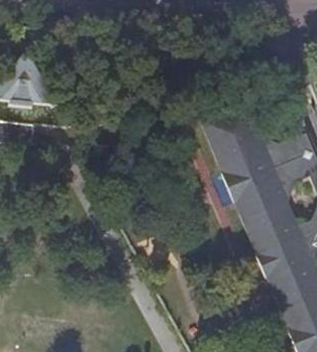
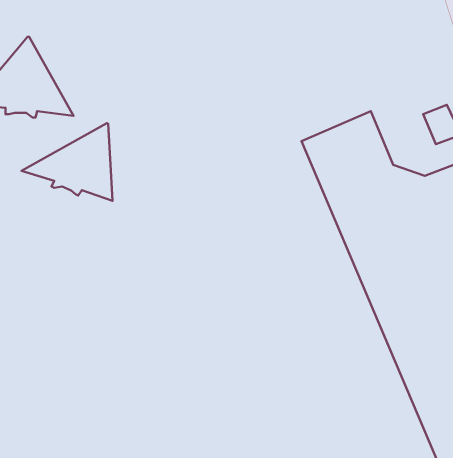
building: none -> [22,123,112,201]

